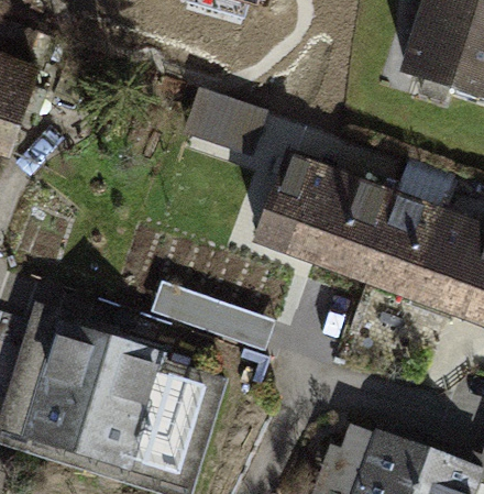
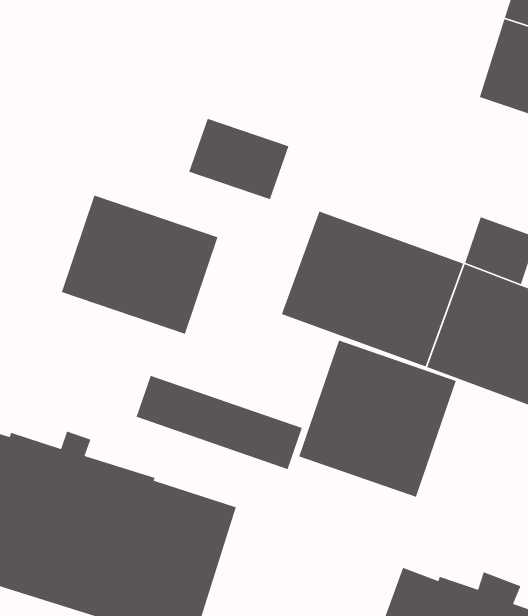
building: none -> [61,195,219,335]
building: none -> [298,340,457,498]

